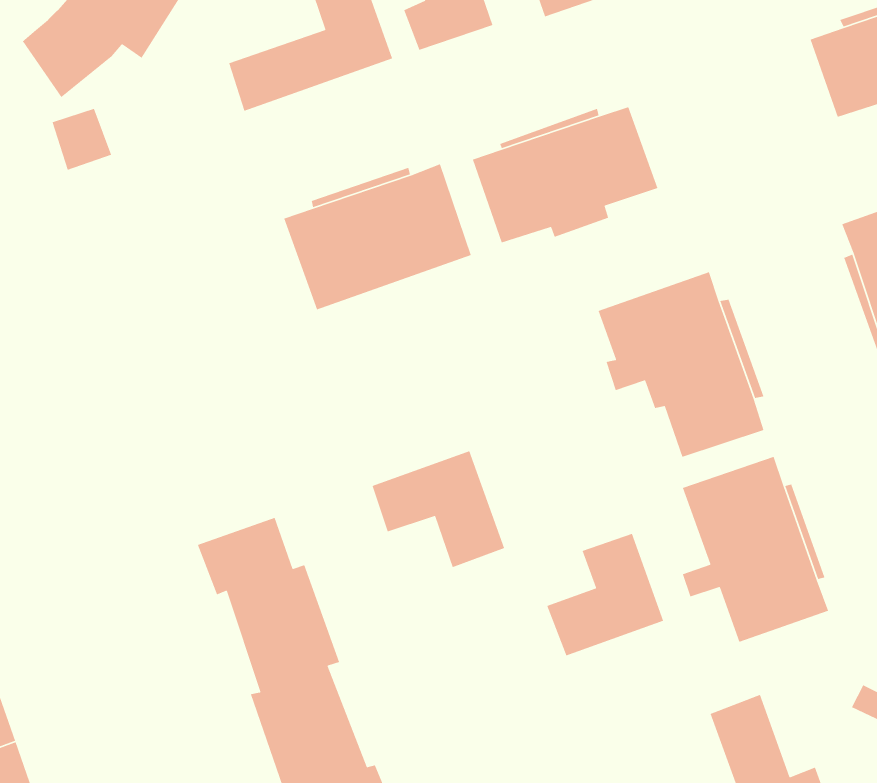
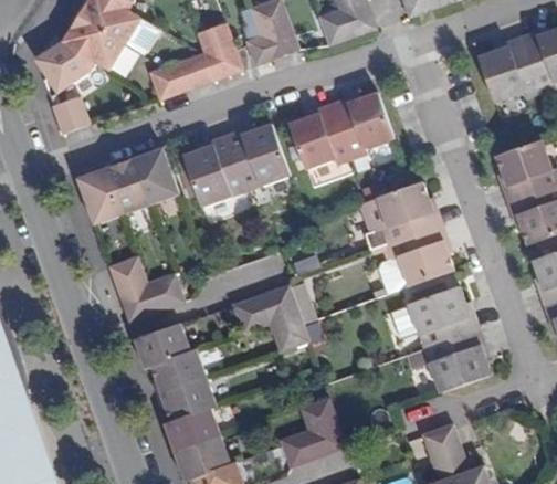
building: none -> [80,149,179,227]
building: none -> [111,257,183,323]
building: [546,533,664,657] -> [280,399,346,469]

